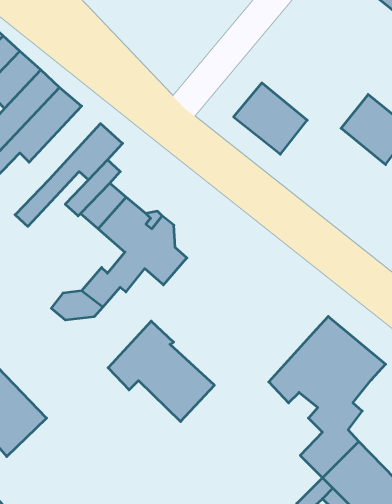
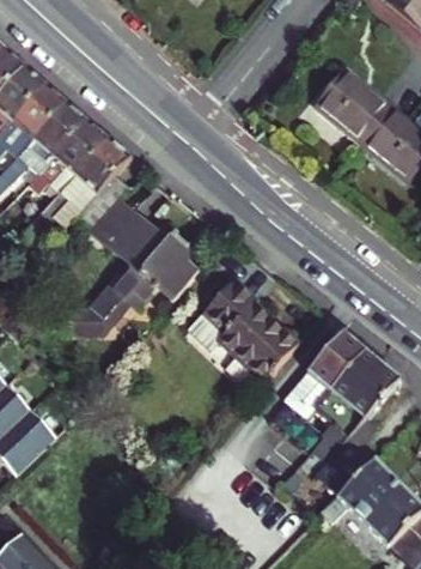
building: [234,83,307,154] -> [310,67,385,140]
building: none -> [29,117,111,195]
building: [108,321,214,422] -> [189,279,298,382]

